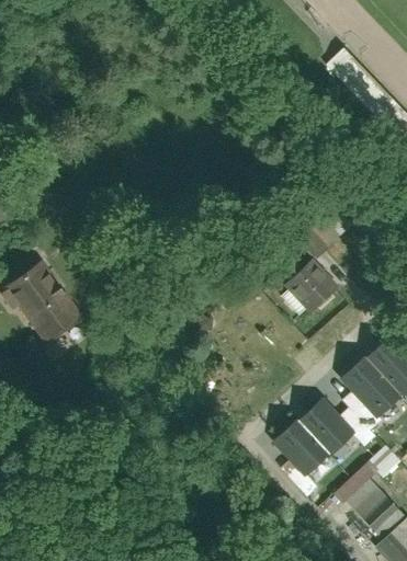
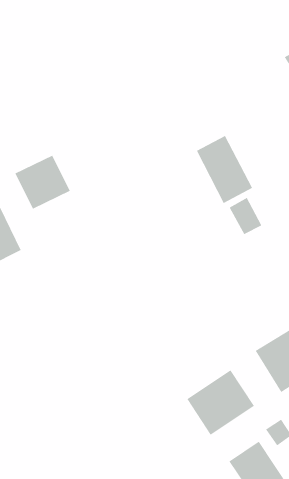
building: none -> [196,135,253,204]
building: none -> [15,155,70,210]
building: [283,259,333,309] -> none

